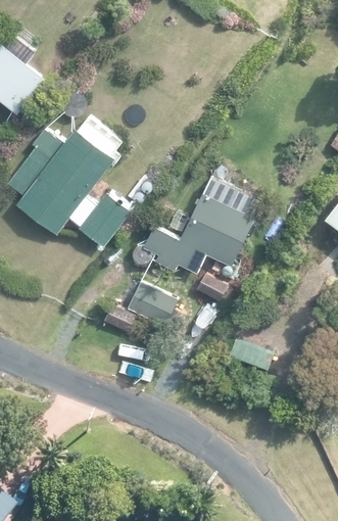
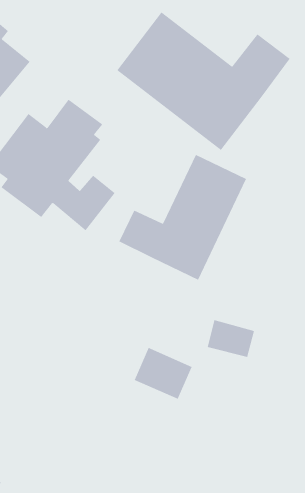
building: none -> [117,12,290,151]
building: [123,280,181,332] -> [134,347,192,400]

